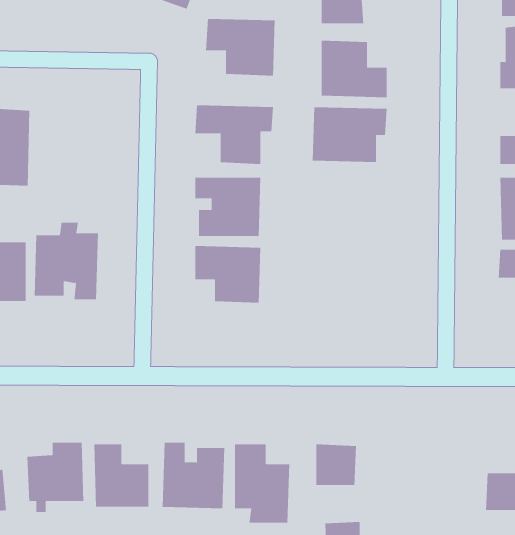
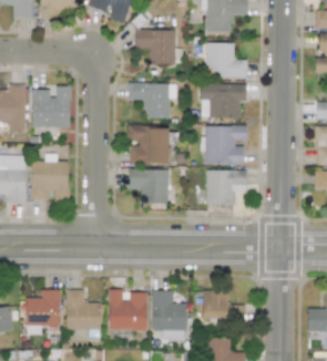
building: none -> [32,85,71,127]
building: none -> [201,125,247,164]
building: none -> [206,169,246,204]

